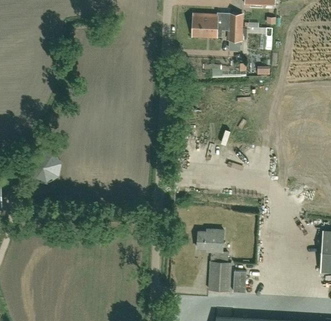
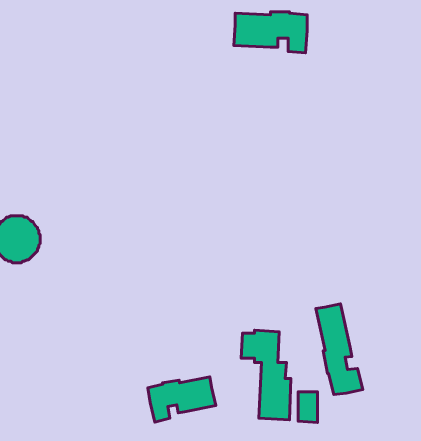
building: none -> [316,304,363,394]
building: none -> [148,377,216,422]

